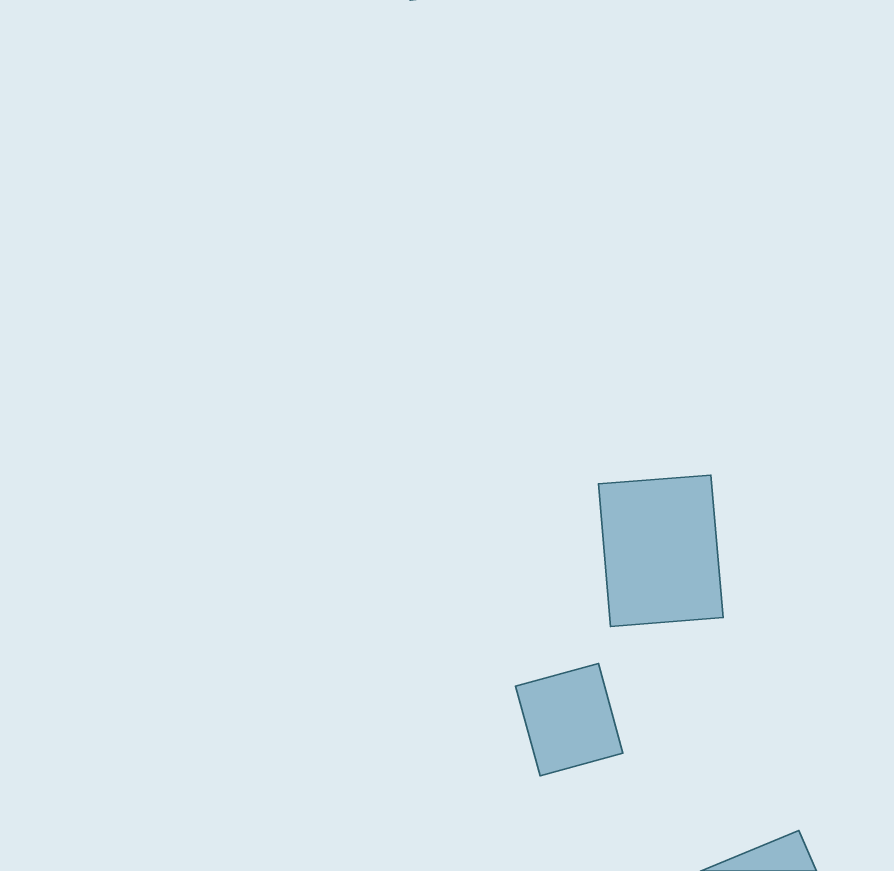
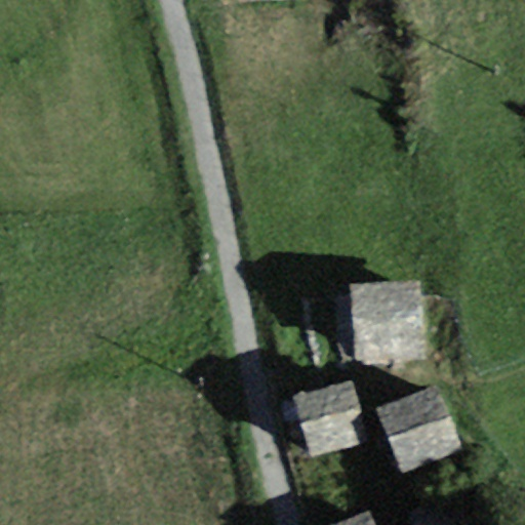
building: none -> [380,388,461,473]

